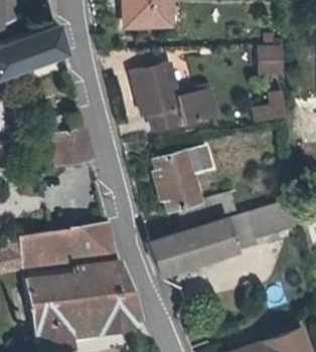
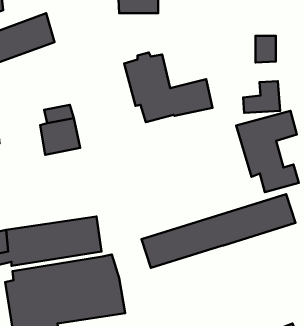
building: [155,145,216,224] -> [236,111,299,192]

